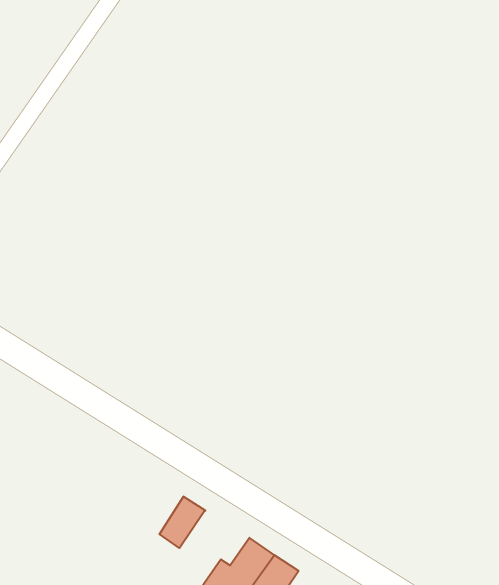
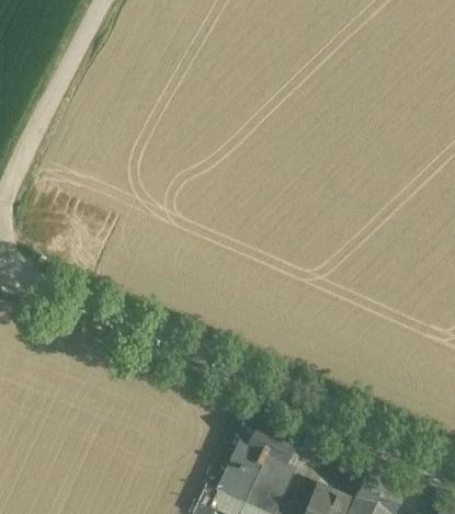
building: [159,496,205,548] -> none

